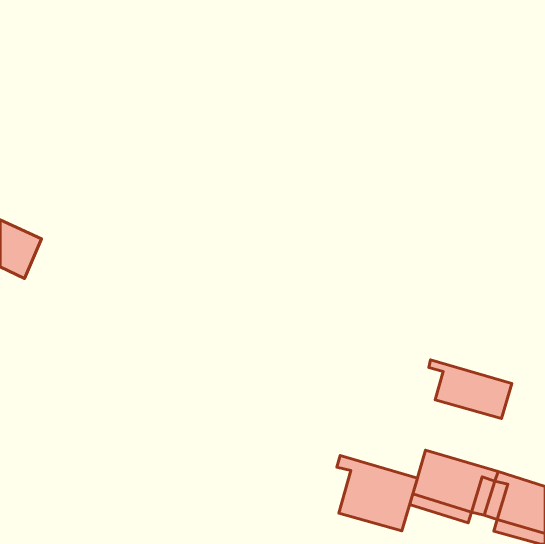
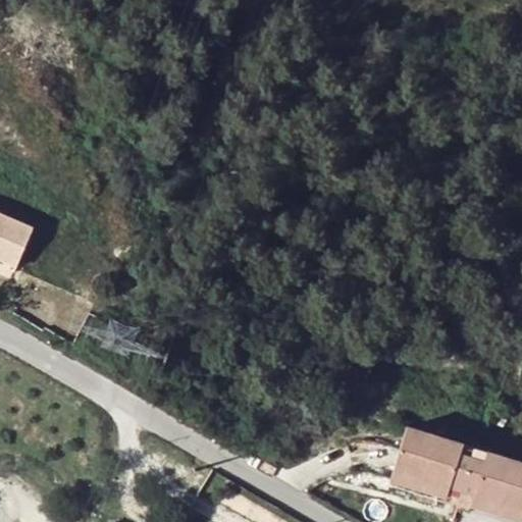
building: [429,360,512,419] -> none
building: [337,455,417,531] -> none

